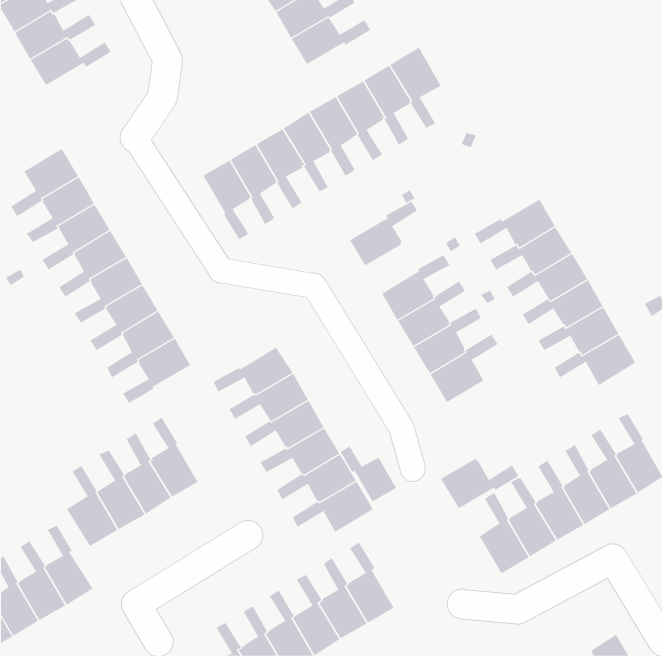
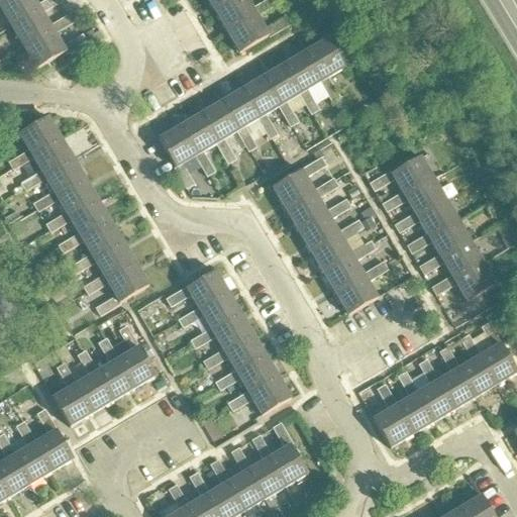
building: none -> [285,177,338,228]
building: [340,446,397,502] -> none
building: [440,458,519,509] -> none

